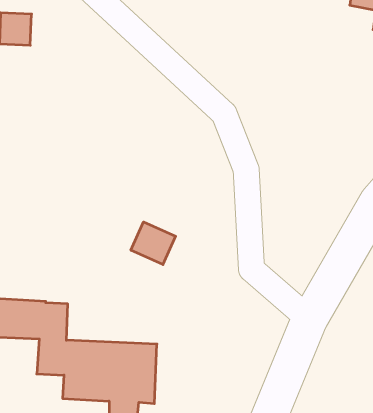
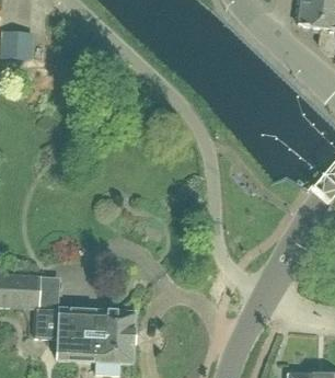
building: [131,222,176,265] -> none

